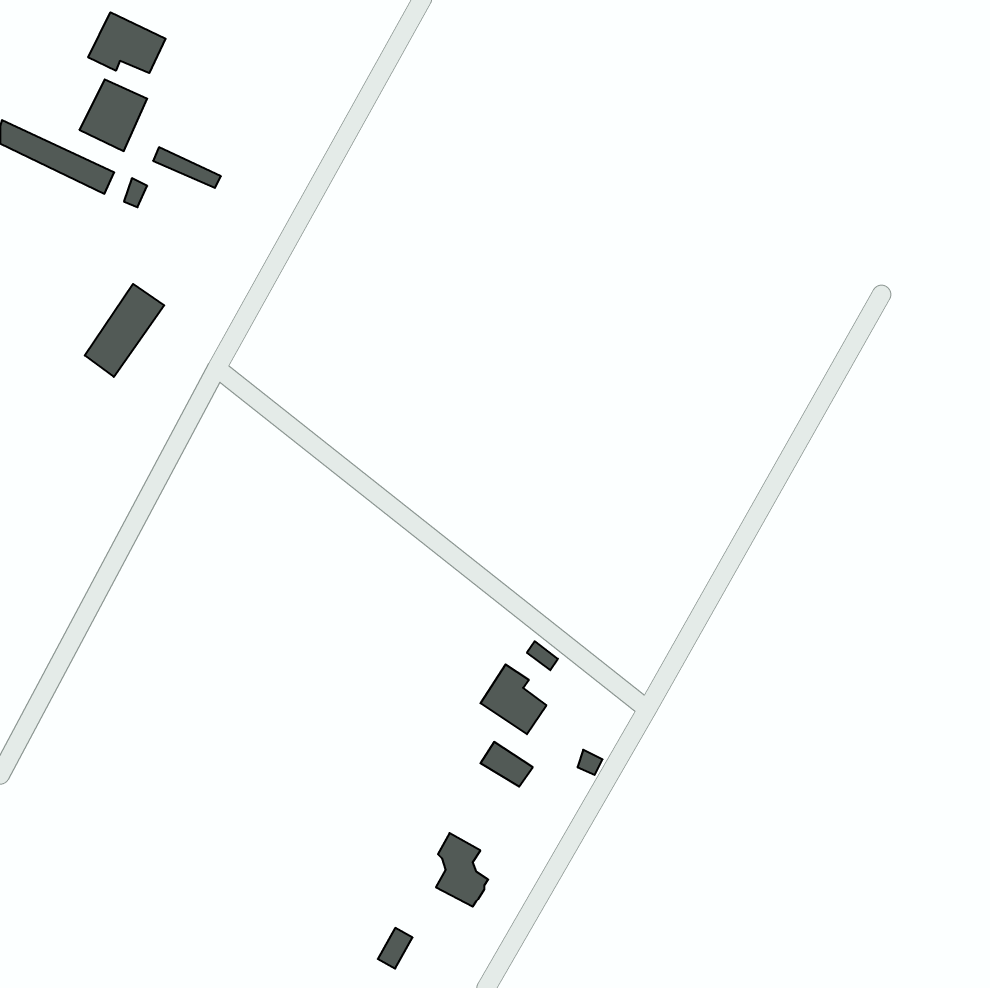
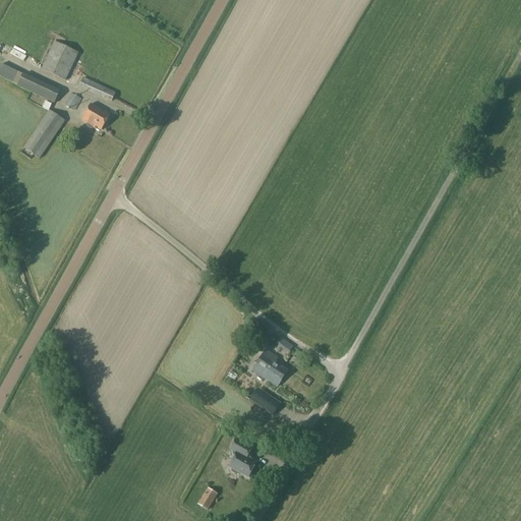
building: [88,12,166,73] -> none
building: none -> [81,103,110,129]
building: [85,284,164,377] -> [23,110,65,159]

